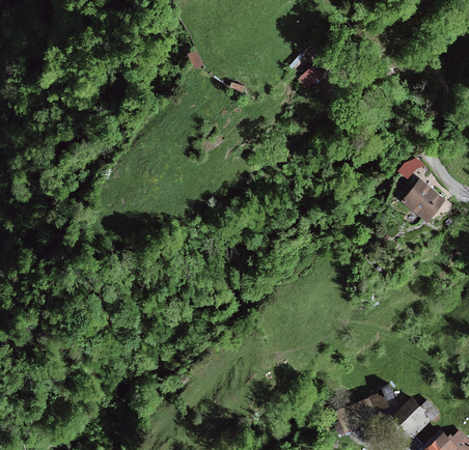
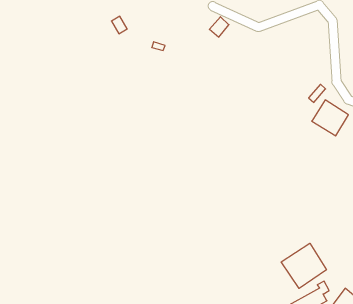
building: none -> [281,243,326,288]

